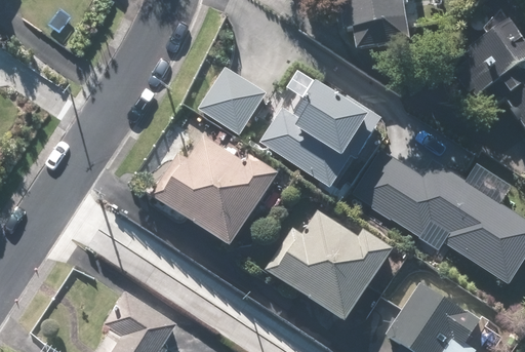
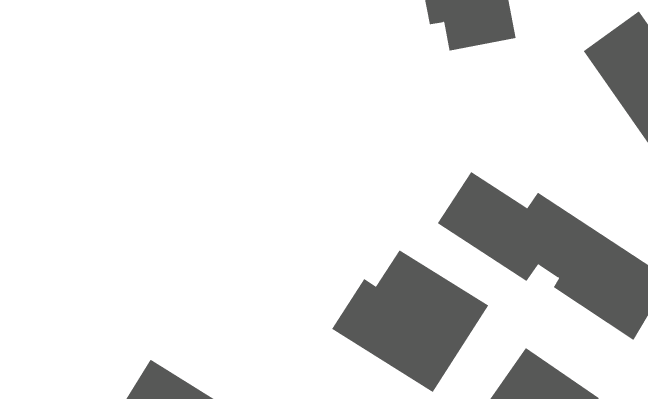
building: [195,66,264,133] -> none
building: [259,83,373,188] -> none
building: [153,128,274,245] -> none

